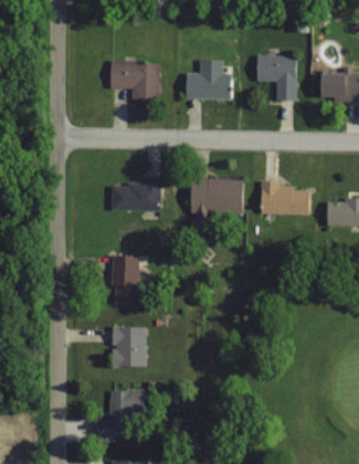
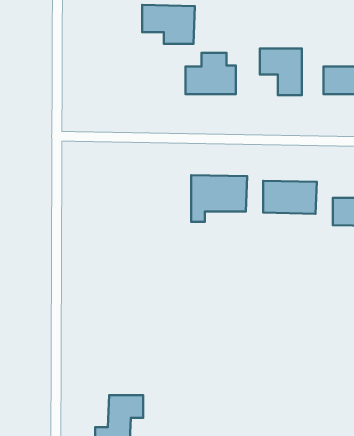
building: [109,62,160,99] -> [142,5,195,44]
building: [112,181,162,211] -> none
building: [114,259,139,305] -> none
building: [113,328,146,368] -> none

